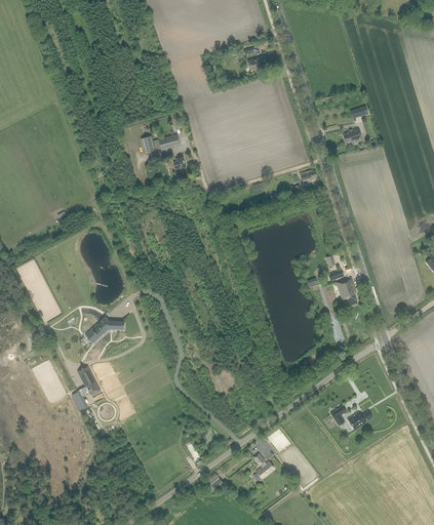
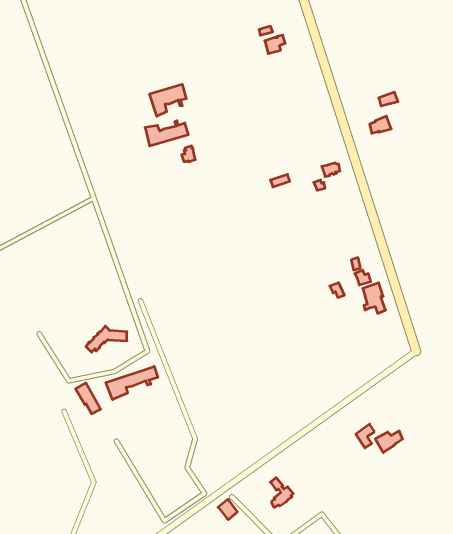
building: none -> [150,84,186,116]
building: none -> [106,366,158,400]

